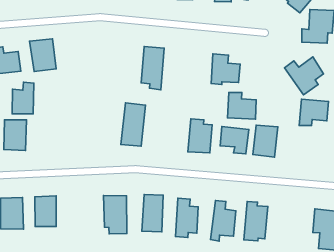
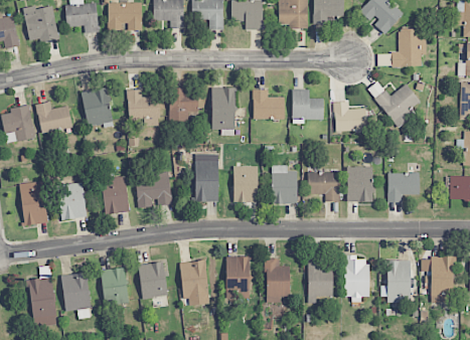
building: none -> [127,90,159,127]
building: none -> [168,89,198,122]
building: none -> [252,90,284,120]
building: [12,82,34,114] -> [102,177,128,214]
building: [228,92,256,119] -> [333,102,366,132]
building: [299,99,329,126] -> [387,173,419,203]
building: none -> [232,166,258,203]
building: none -> [135,174,172,208]
building: none -> [137,262,168,300]
building: none -> [380,261,410,302]

